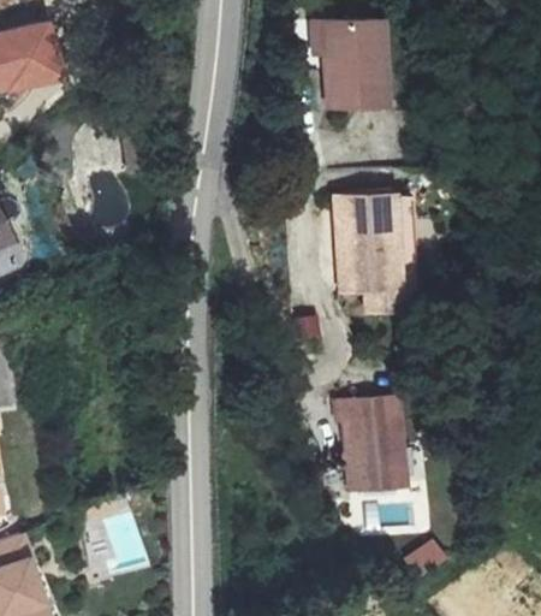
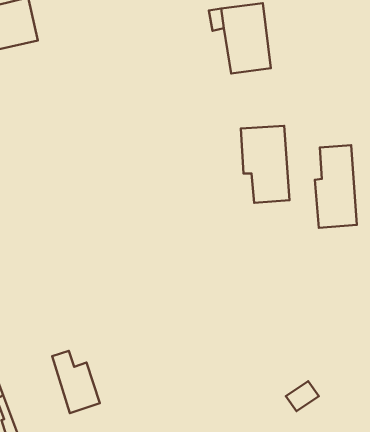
building: none -> [315,145,357,228]
building: [335,405,400,499] -> none

